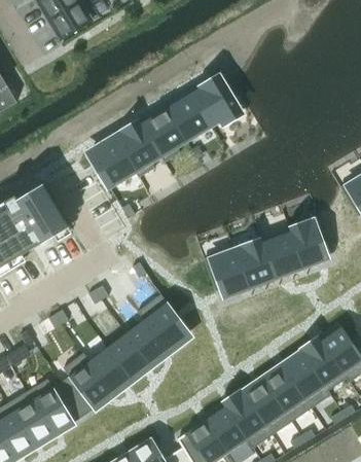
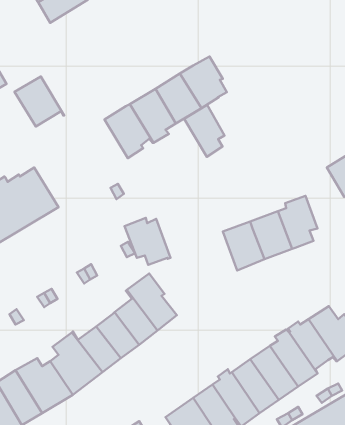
building: none -> [184,105,224,157]
building: [88,139,139,189] -> [14,77,64,127]
building: [203,251,249,298] -> [125,218,170,265]

